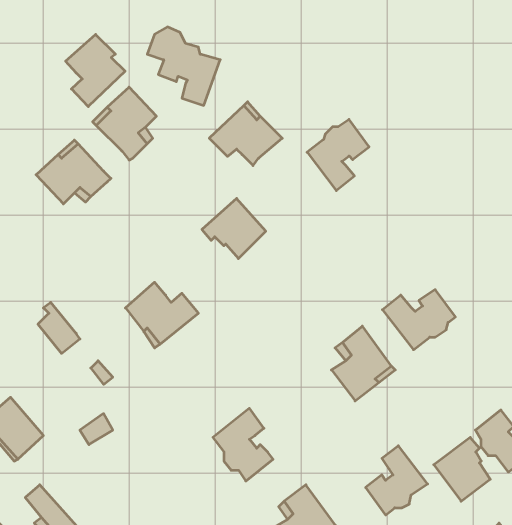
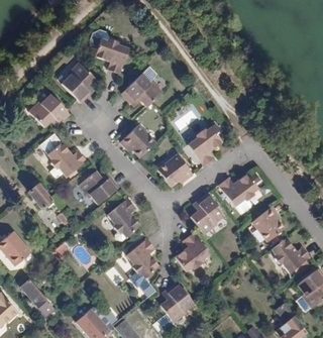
building: [66,34,125,107] -> none
building: [307,119,369,191] -> [188,124,222,163]
building: none -> [45,139,84,175]
building: none -> [158,152,193,183]
building: none -> [107,198,139,237]
building: [434,437,490,501] -> [252,206,284,241]
building: [366,446,428,515] -> [176,233,210,271]

